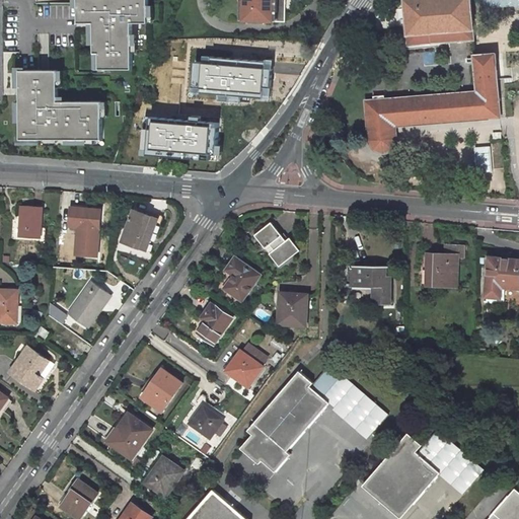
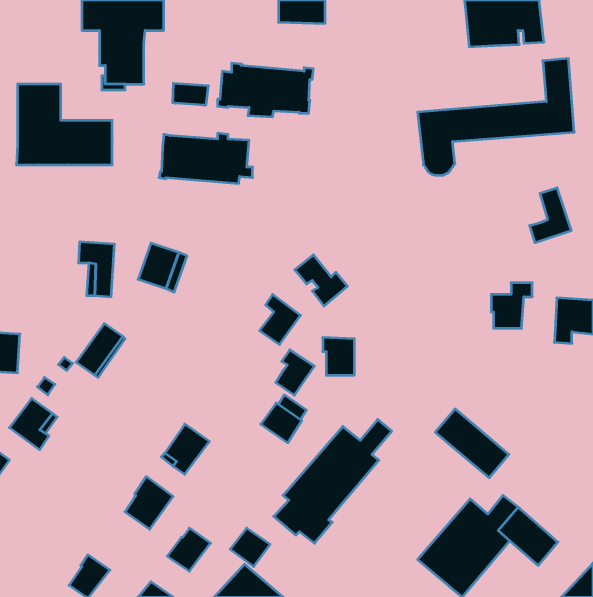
building: none -> [173,83,208,105]
building: none -> [530,188,571,243]
building: [18,207,41,239] -> none
building: [348,267,387,304] -> none
building: [198,303,231,343] -> [276,350,314,395]
building: [322,374,386,434] -> [435,409,509,478]
building: [188,404,222,438] -> [230,528,270,567]

